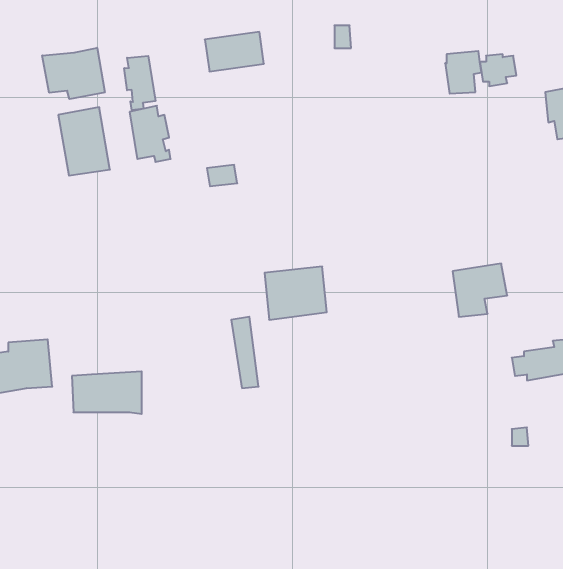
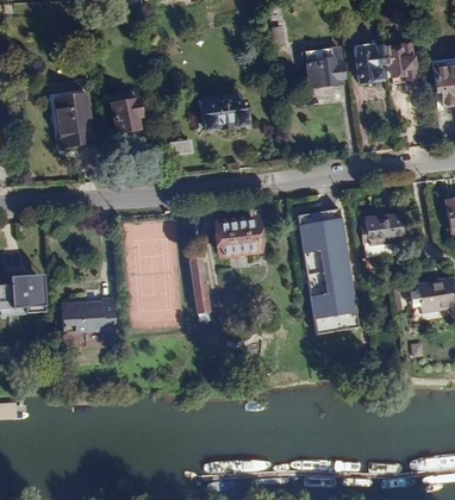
building: [205,32,264,71] -> [199,93,245,124]
building: [42,48,105,99] -> none
building: [124,56,155,110] -> none
building: none -> [305,58,342,89]
building: none -> [299,207,359,333]

